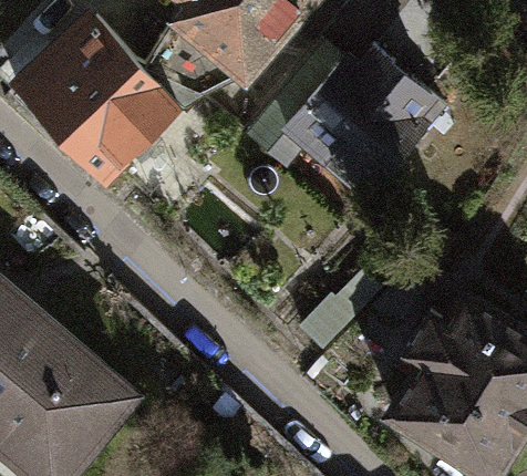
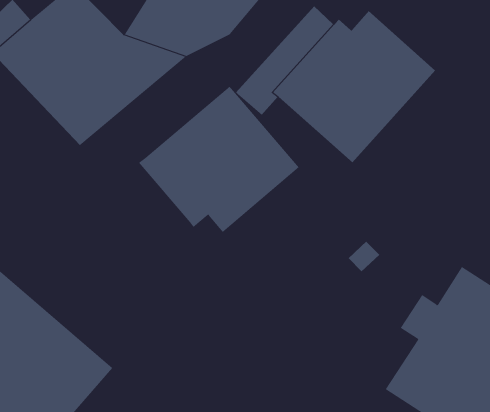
building: none -> [138,86,299,233]

